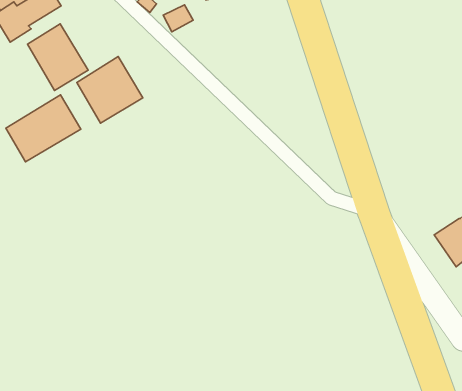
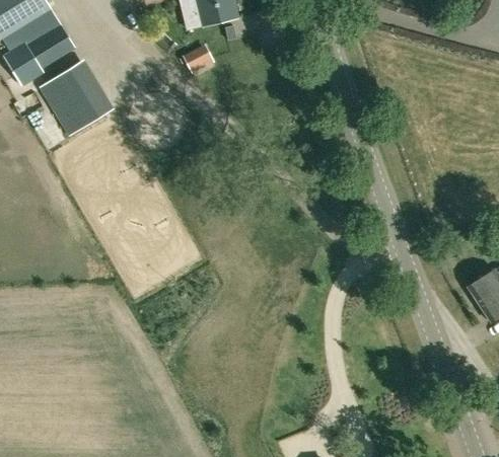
building: [77,57,143,123] -> none
building: [6,95,81,162] -> none

